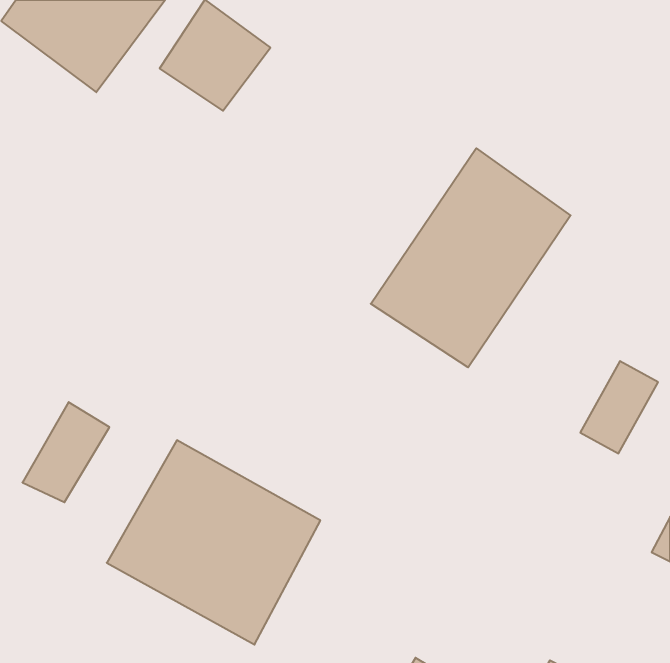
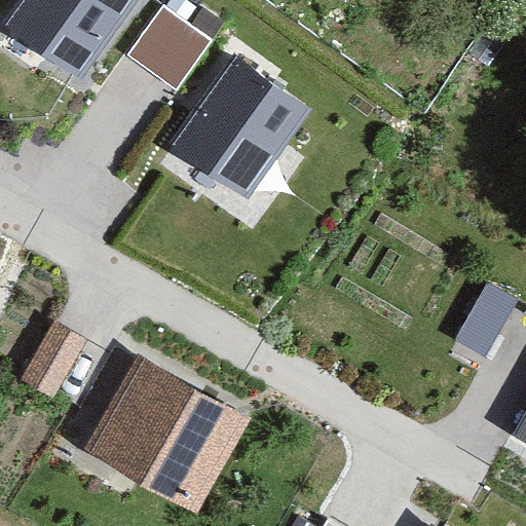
building: none -> [170,57,306,197]
building: [371,148,571,367] -> none

